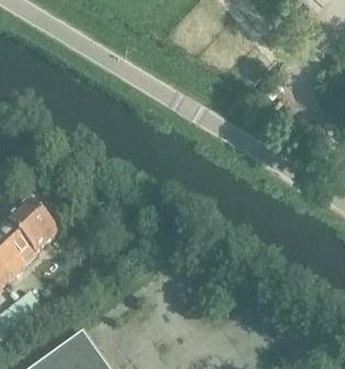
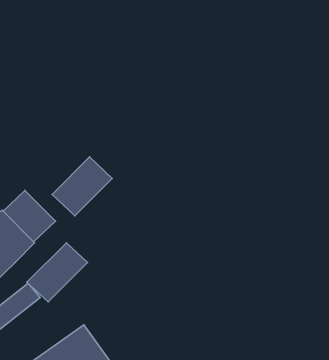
building: none -> [52,157,112,216]
building: none -> [27,243,88,302]

